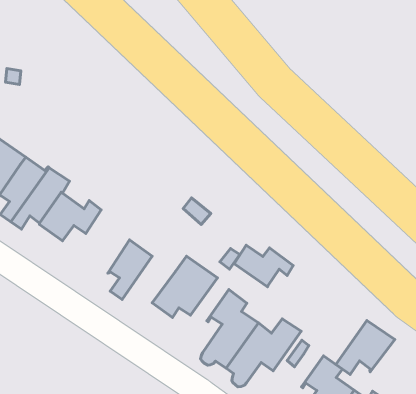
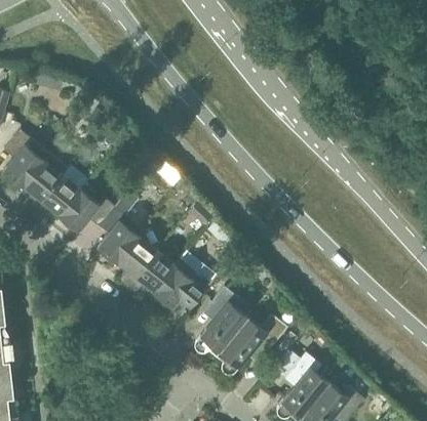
building: none -> [98,192,144,265]
building: [234,245,293,287] -> none
building: none -> [128,253,178,296]
building: [336,320,395,375] -> none

